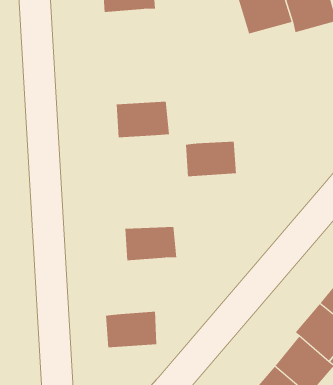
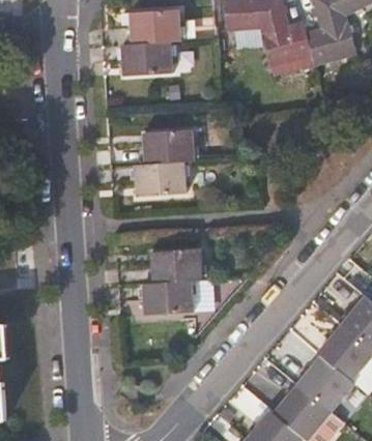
building: none -> [121,42,173,76]
building: [185,141,237,177] -> [135,164,184,198]
building: [105,311,157,348] -> [143,281,193,316]

